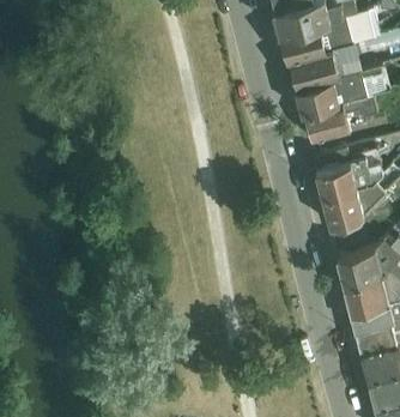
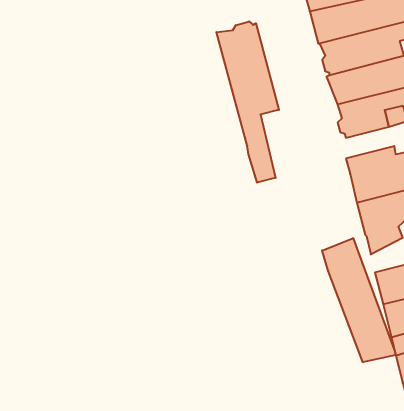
building: none -> [216,21,279,183]
building: none -> [322,238,395,362]

